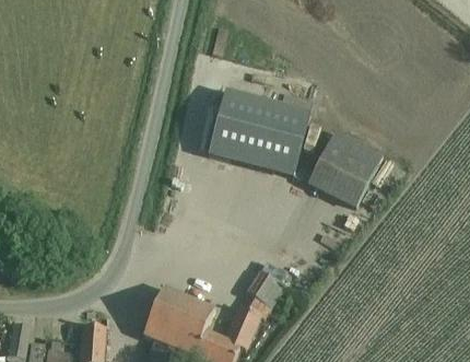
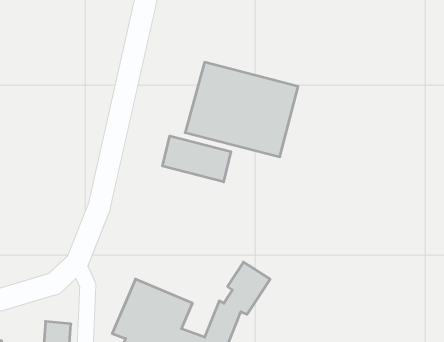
building: [308,129,383,206] -> none
building: none -> [163,136,231,182]

